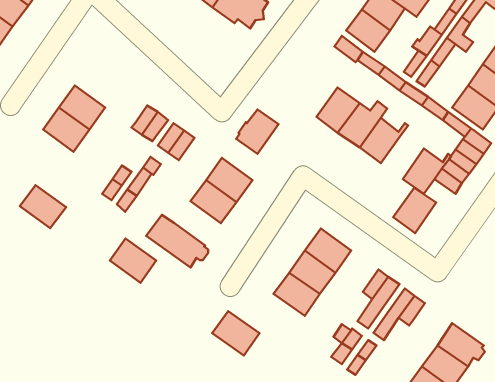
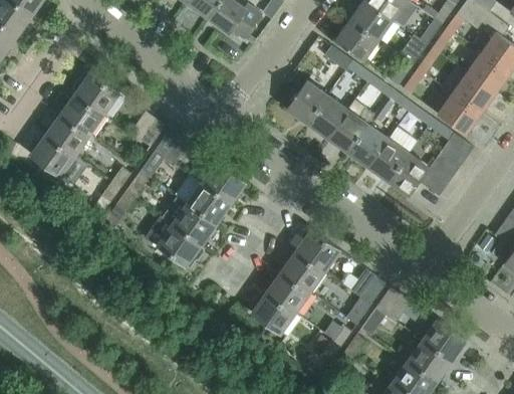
building: none -> [72,71,120,114]
building: [236,110,278,154] -> [287,80,327,123]
building: [20,185,66,228] -> [31,135,75,176]
building: [393,188,436,233] -> [368,139,410,182]
building: [110,239,156,283] -> [172,203,216,245]
building: [212,311,260,355] -> [251,291,296,334]

